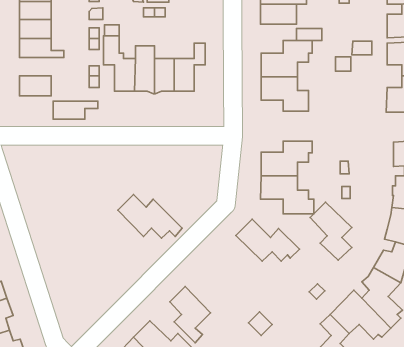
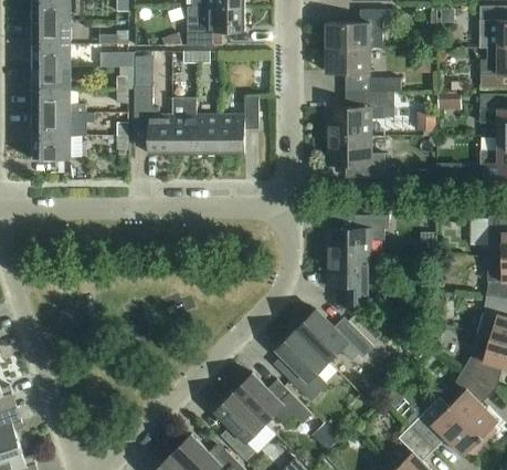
building: [53,101,98,119] -> [31,113,85,135]
building: [118,195,182,238] -> [233,373,311,426]
building: [310,202,352,260] -> [276,330,327,400]

